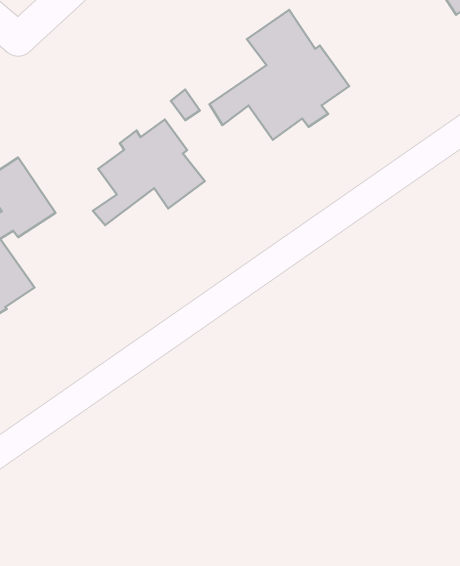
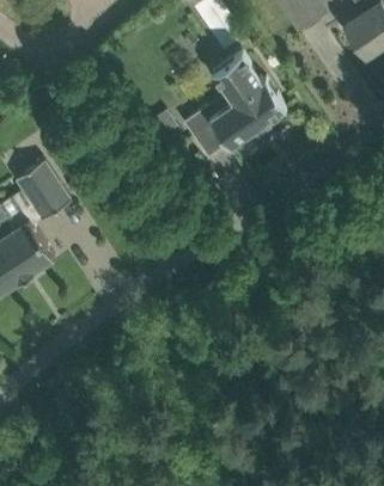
building: [93,119,205,225] -> none

